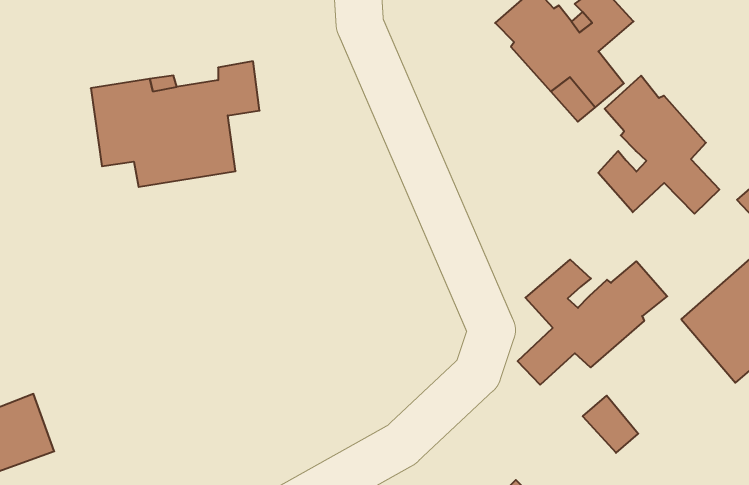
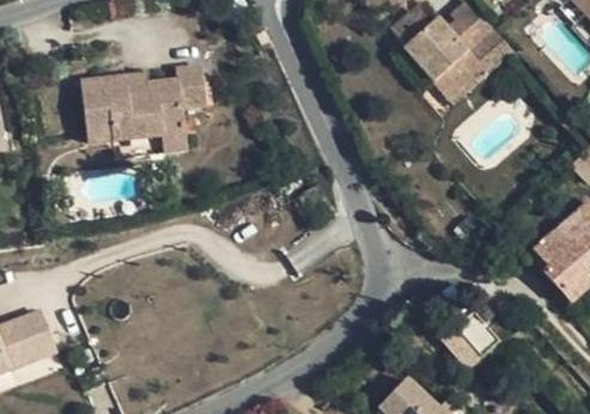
building: [598,76,719,214] -> none
building: [518,260,667,385] -> none

